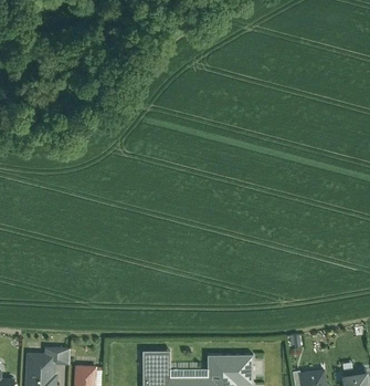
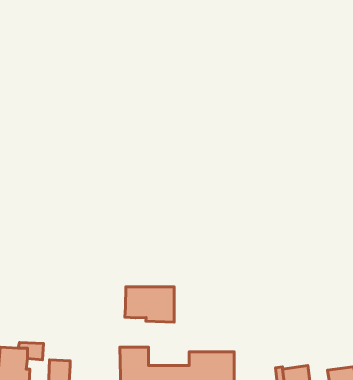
building: none -> [125,287,174,322]

